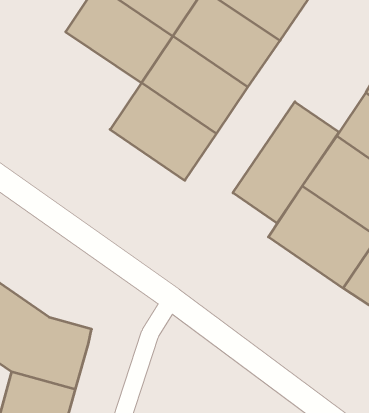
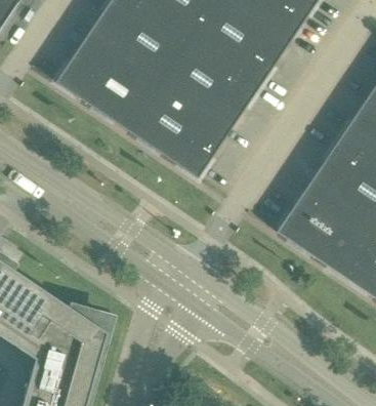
building: none -> [54,38,156,130]
building: [233,102,339,223] -> none

